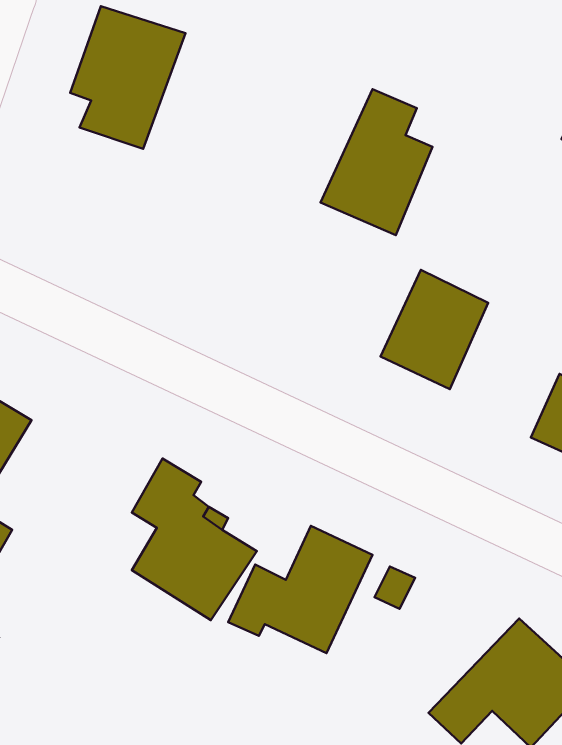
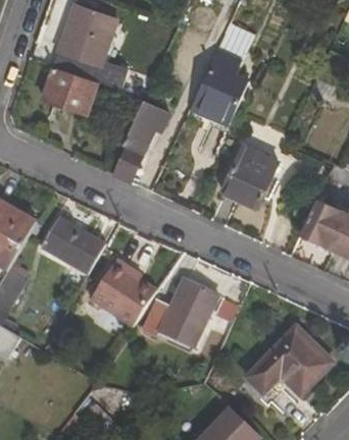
building: none -> [42,65,99,114]
building: none -> [113,100,170,181]
building: none -> [41,217,106,275]

